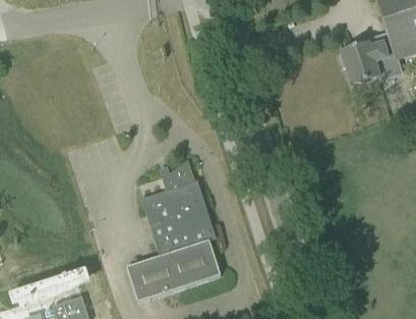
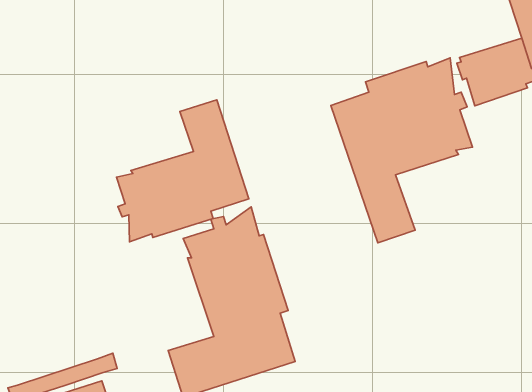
building: none -> [331,58,473,243]
building: none -> [117,100,249,242]

